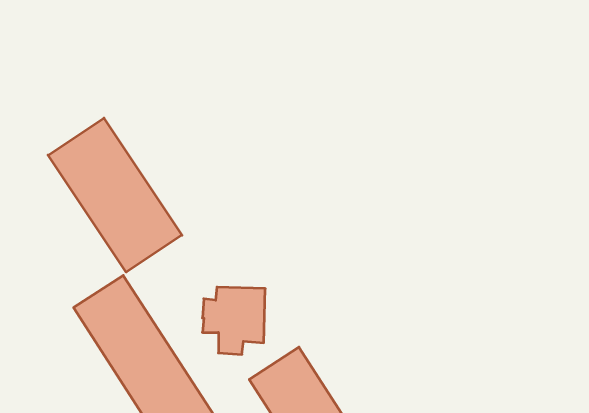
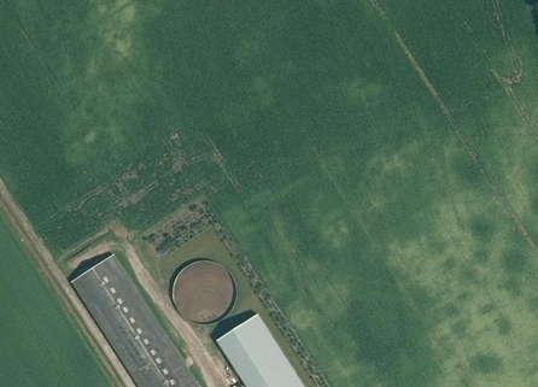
building: [48,118,182,272] -> none

